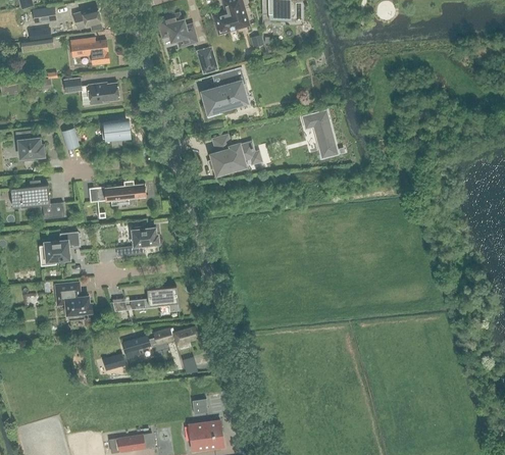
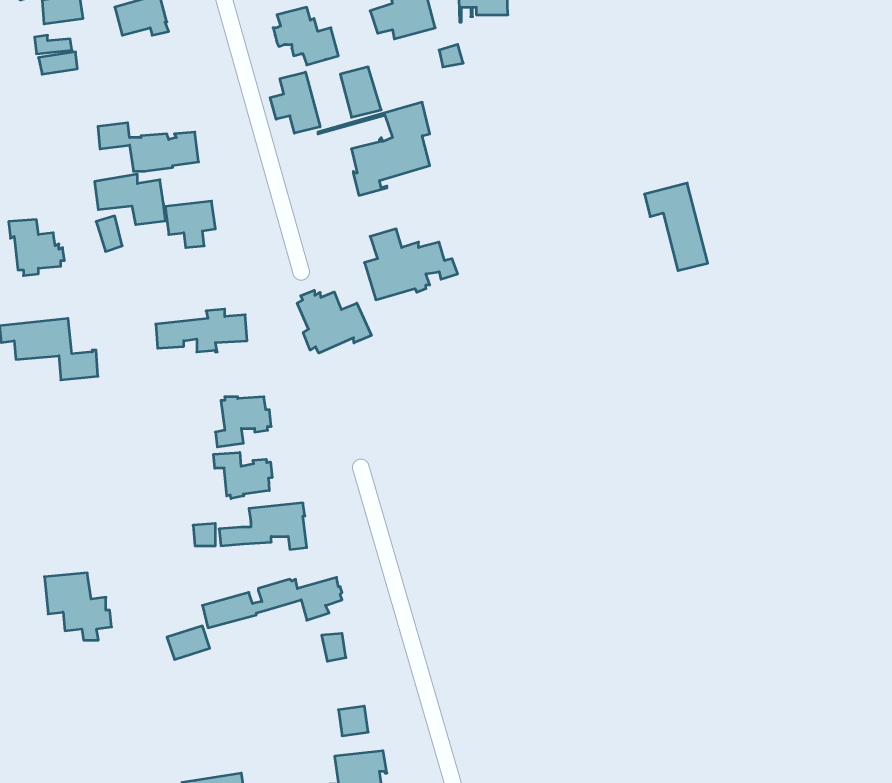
building: [69,37,108,64] -> [95,174,165,225]
building: none -> [270,72,320,133]
building: [302,110,337,158] -> [644,183,708,271]
building: none -> [297,290,371,353]
building: [44,232,79,261] -> none
building: none -> [214,452,272,499]
building: [54,283,91,319] -> [44,573,112,640]

